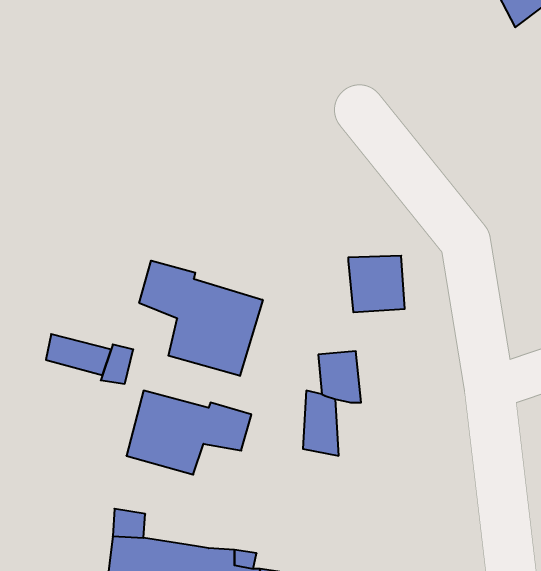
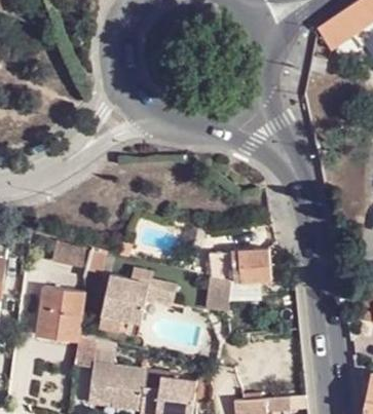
building: [348,256,405,312] -> [238,249,272,283]
building: [139,261,263,376] -> none
building: none -> [36,286,83,341]

